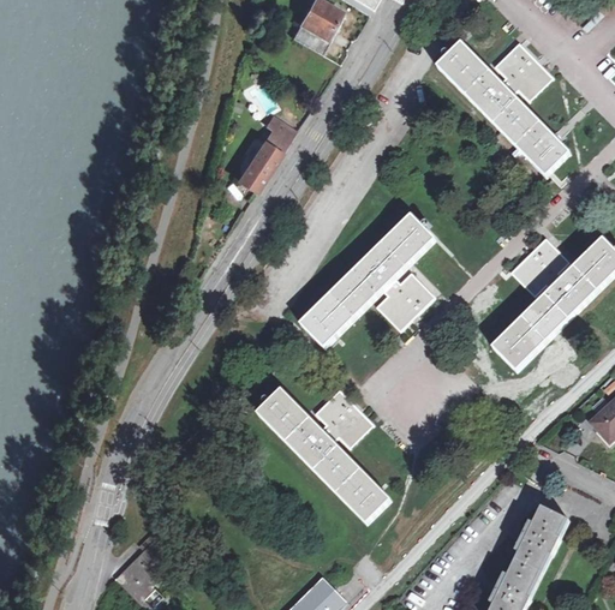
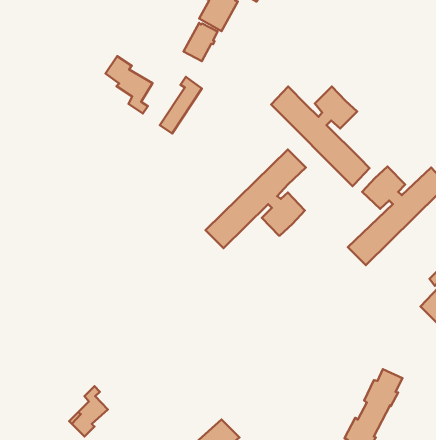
building: [437,41,569,174] -> [271,87,370,186]
building: none -> [184,23,218,61]
building: none -> [106,56,153,114]
building: [257,388,388,521] -> none

